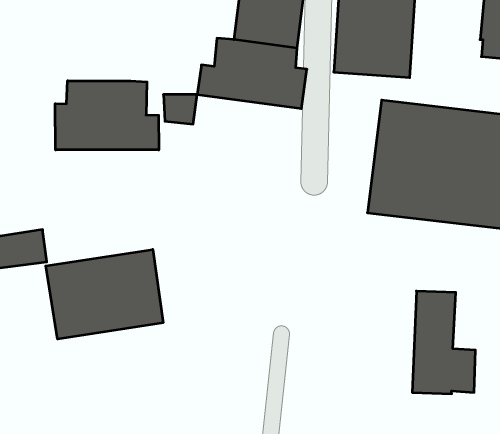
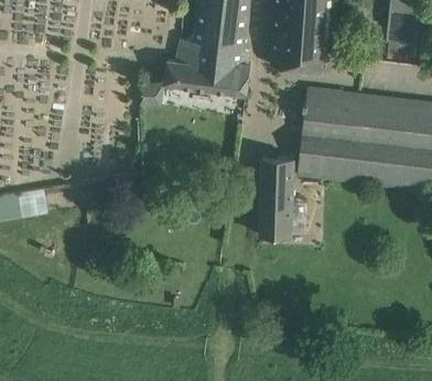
building: [55,81,159,150] -> none
building: [46,249,163,339] -> none
building: [412,291,475,394] -> [259,155,309,236]

